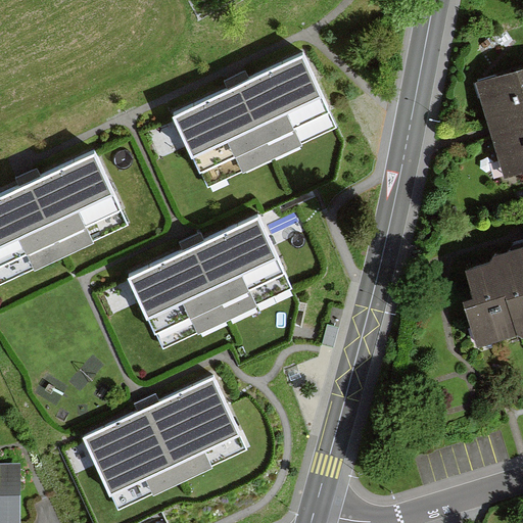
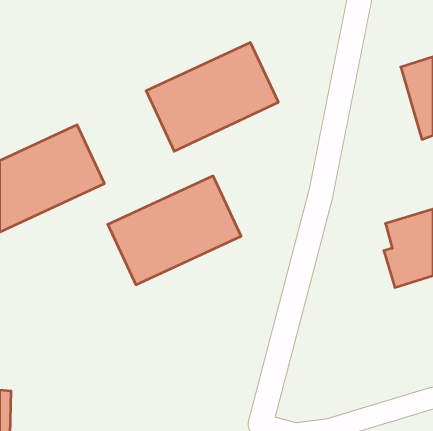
building: [86,377,246,508] -> none

